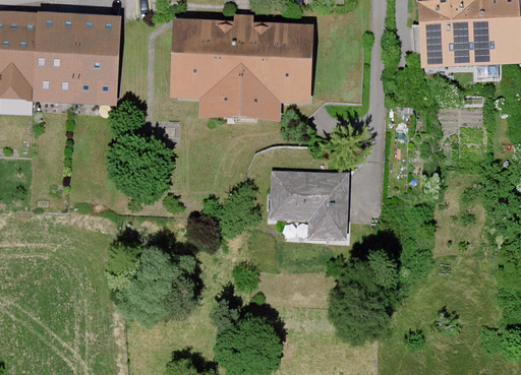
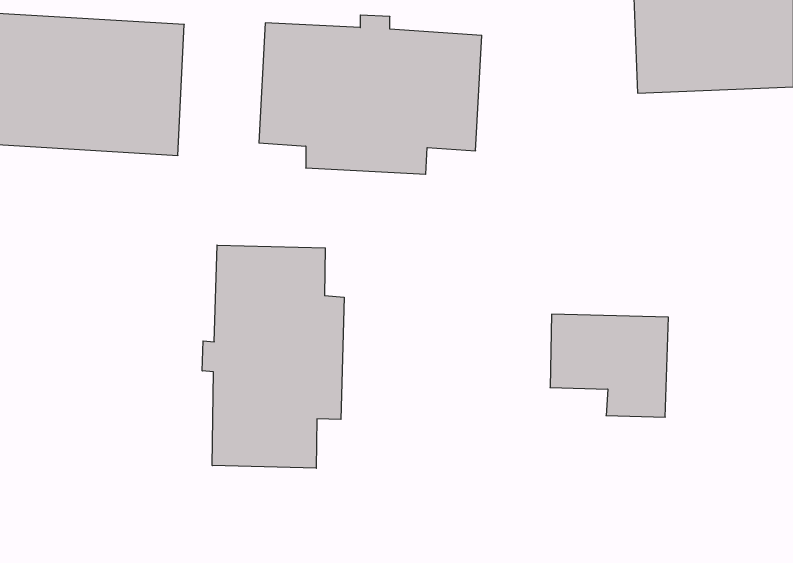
building: none -> [202,245,344,468]
building: [263,172,340,239] -> [550,314,668,417]

